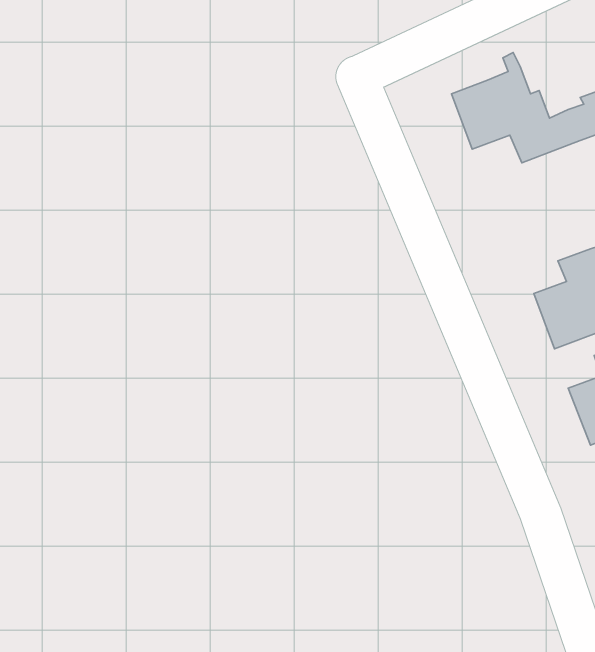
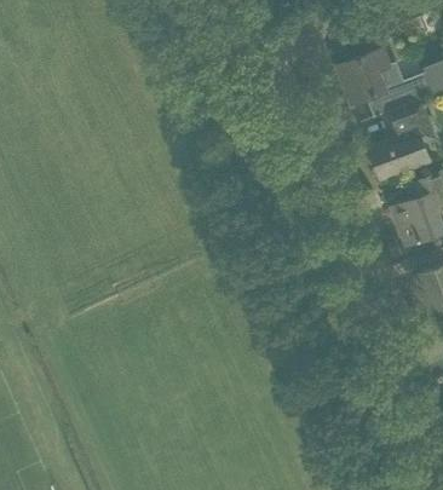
building: none -> [368,103,428,179]

